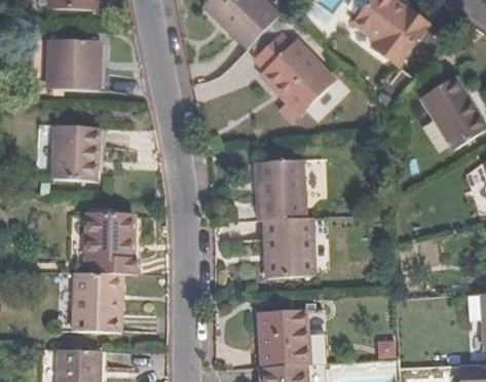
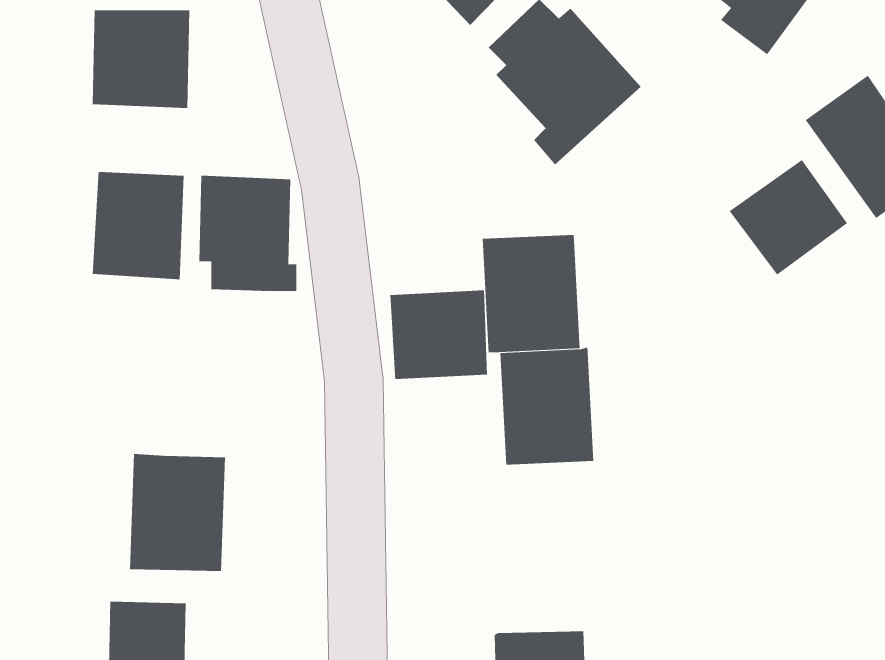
building: none -> [729,159,848,276]
building: none -> [390,290,487,380]
building: [82,213,134,273] -> [199,175,297,291]
building: [261,313,309,365] -> none

